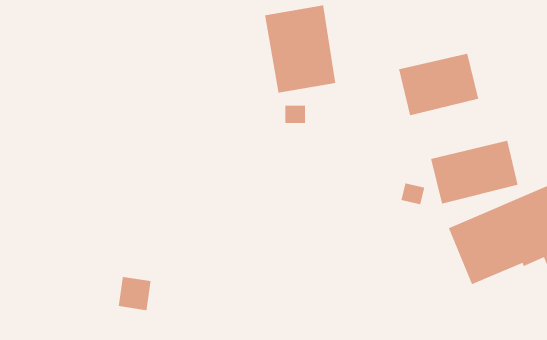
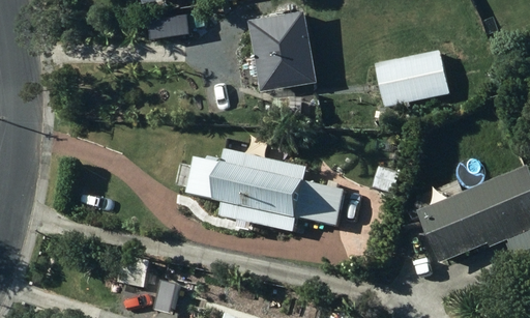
building: [430,140,519,204] -> none
building: none -> [189,150,344,232]

